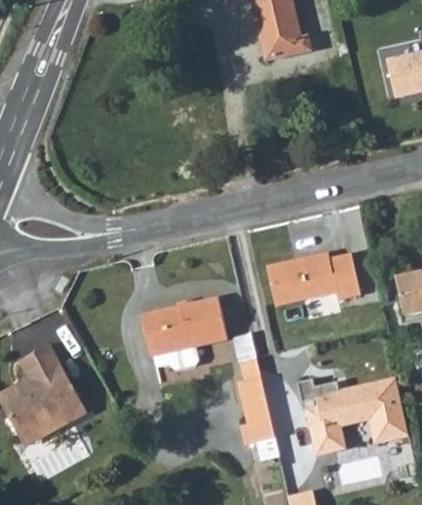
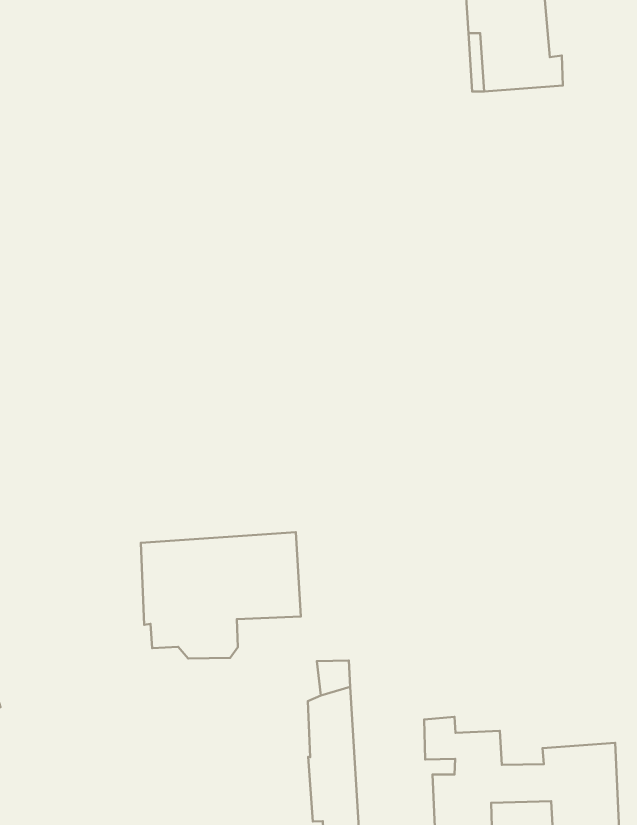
building: [265,252,359,306] -> none

